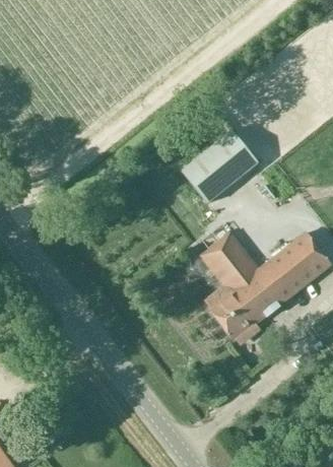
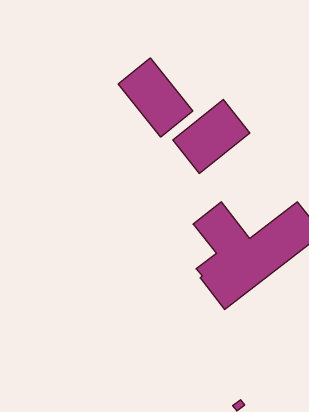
building: none -> [118,58,193,137]

